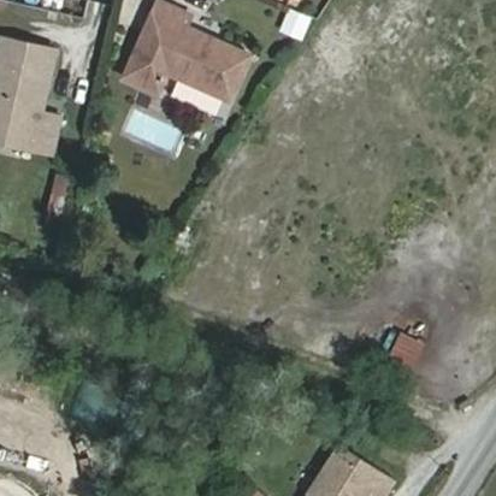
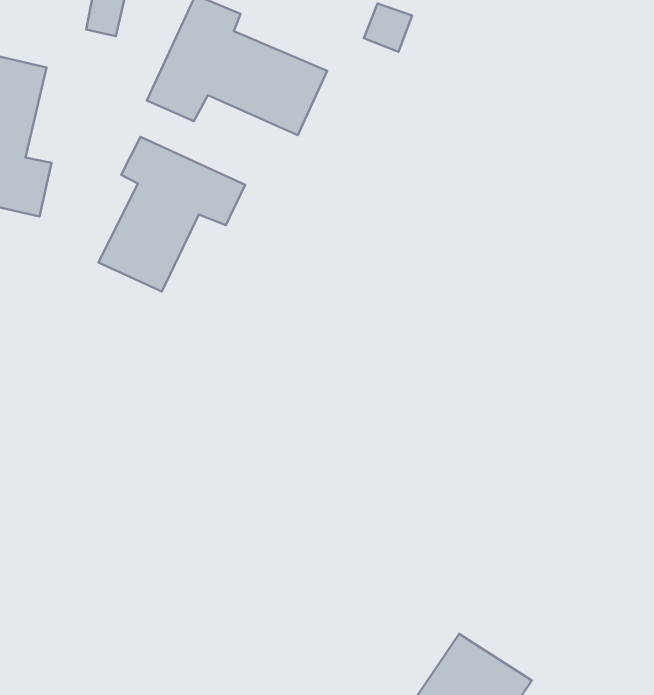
building: none -> [98,137,245,292]

